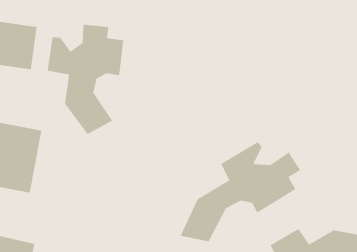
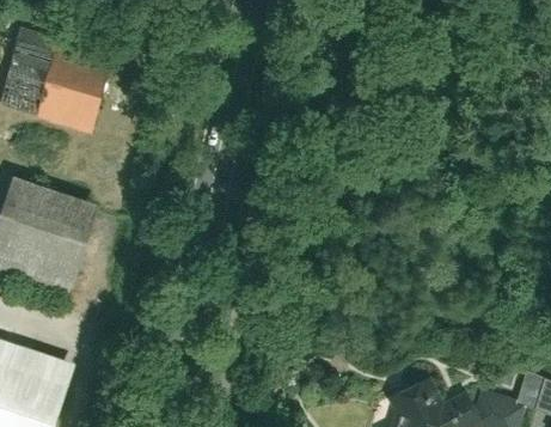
building: [47,24,124,135] -> none
building: [180,141,301,242] -> none

